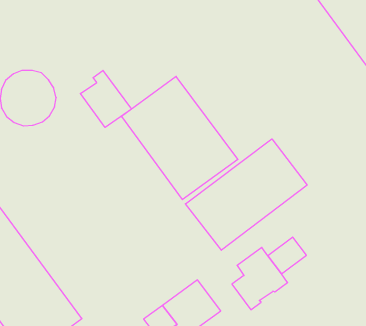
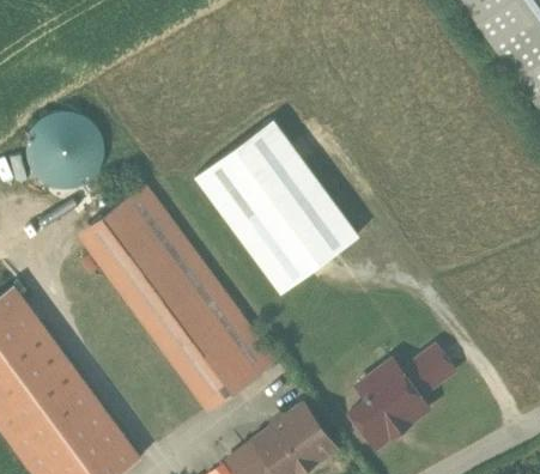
building: [80,70,131,127] -> none
building: none -> [78,189,272,411]
building: [185,139,307,250] -> none

